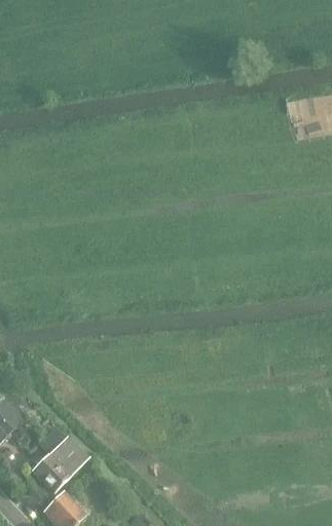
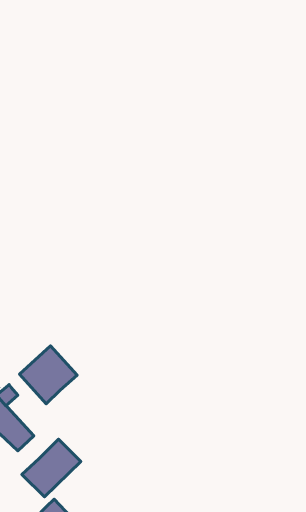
building: none -> [20,346,77,404]

